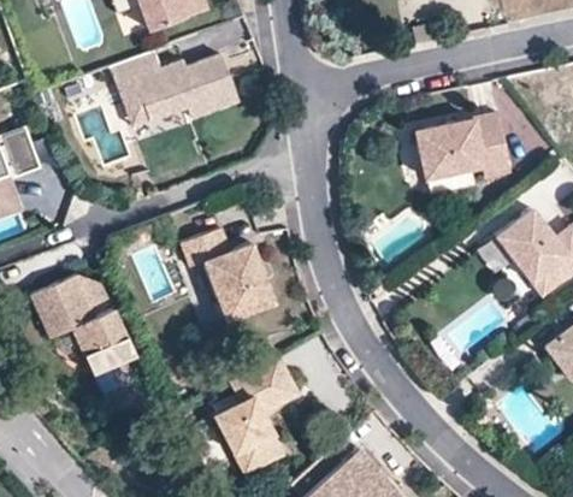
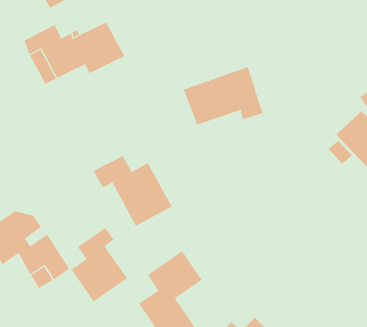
building: [409,111,507,177] -> [183,66,263,125]
building: none -> [71,227,128,302]

